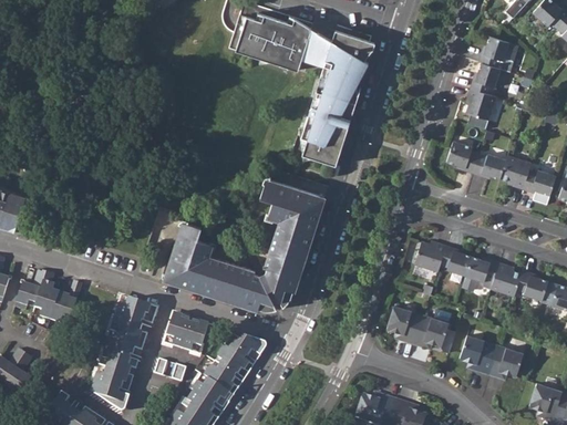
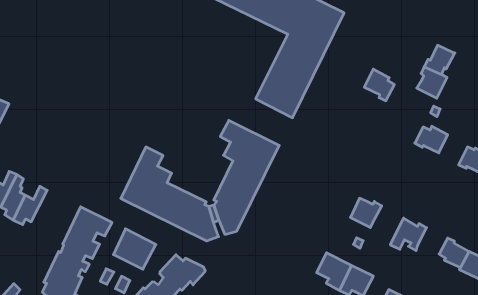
building: [480,38,509,70] -> none
building: [447,142,480,174] -> [364,69,394,101]
building: [501,155,533,190] -> none
building: [441,247,473,277] -> none
building: [492,263,523,298] -> none

